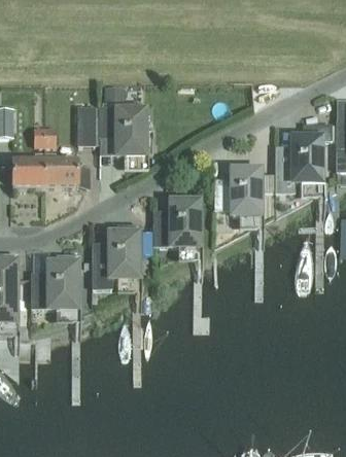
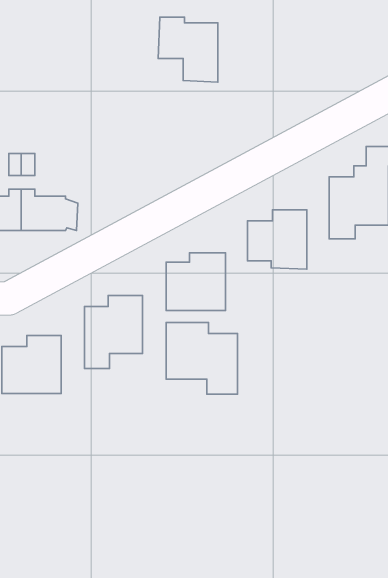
building: [80,105,97,143] -> none
building: [101,105,145,153] -> [158,17,218,82]
building: none -> [166,323,238,394]

